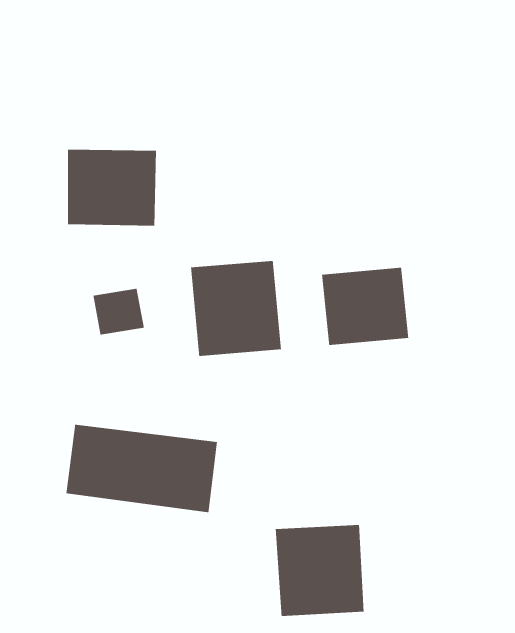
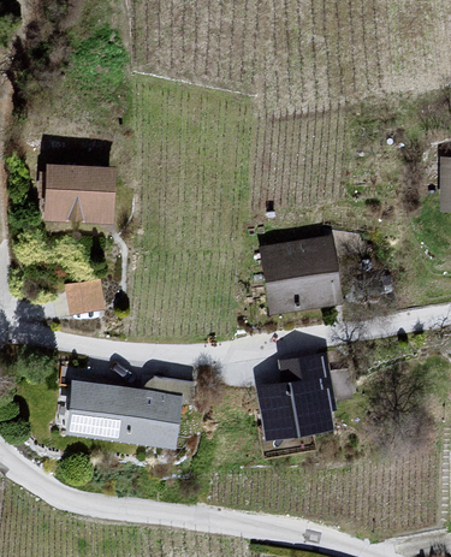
building: [190,260,282,357] -> none
building: [275,524,364,617] -> [259,357,331,432]

